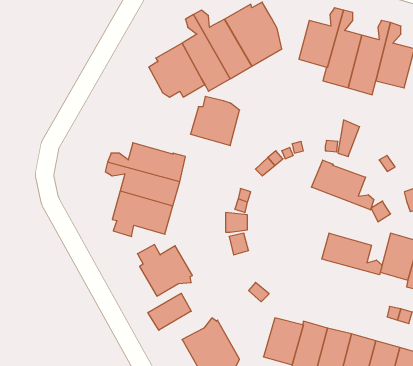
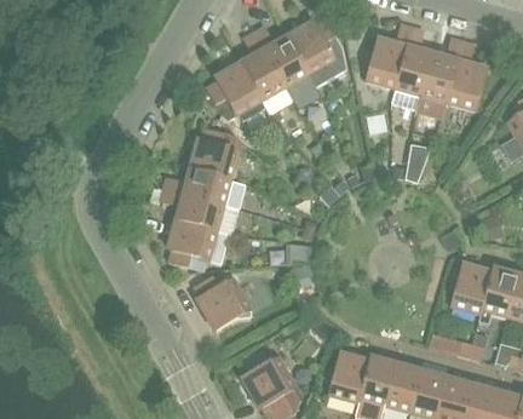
building: [190,96,240,146] -> [189,126,241,178]
building: [311,160,374,210] -> none
building: [322,233,382,275] -> none
building: [148,293,191,330] -> none

